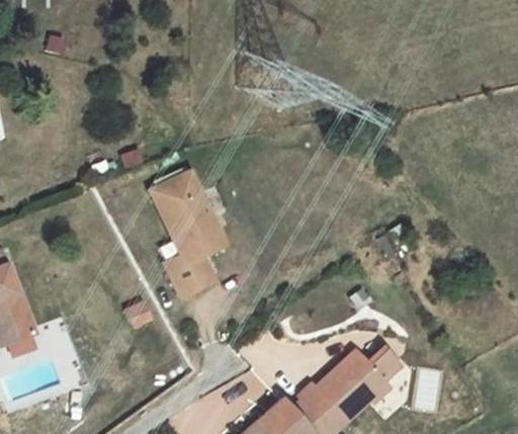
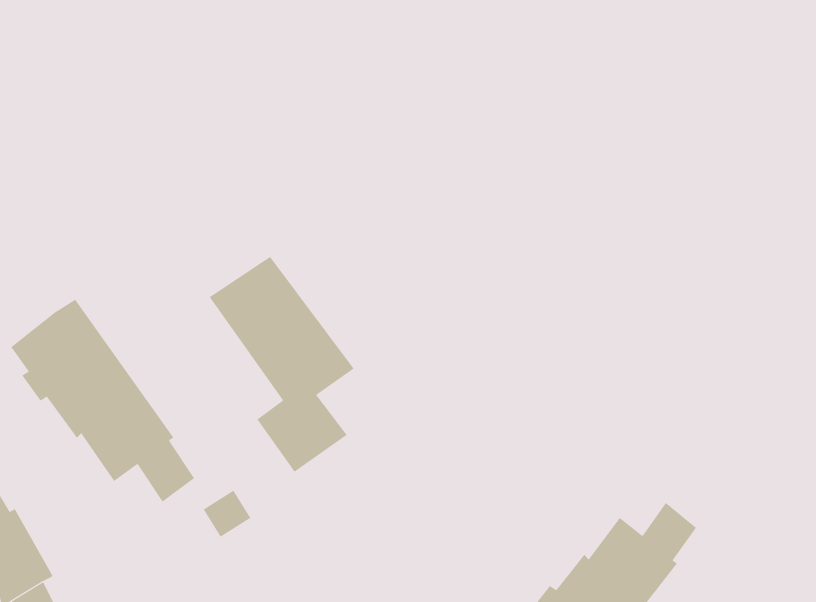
building: none -> [11,299,195,503]

